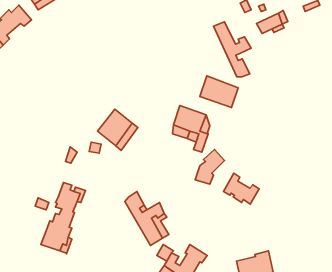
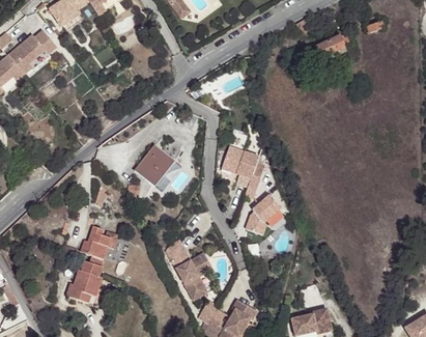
building: [214,22,251,77] -> none
building: [200,76,238,108] -> none
building: [223,173,259,204] -> none

